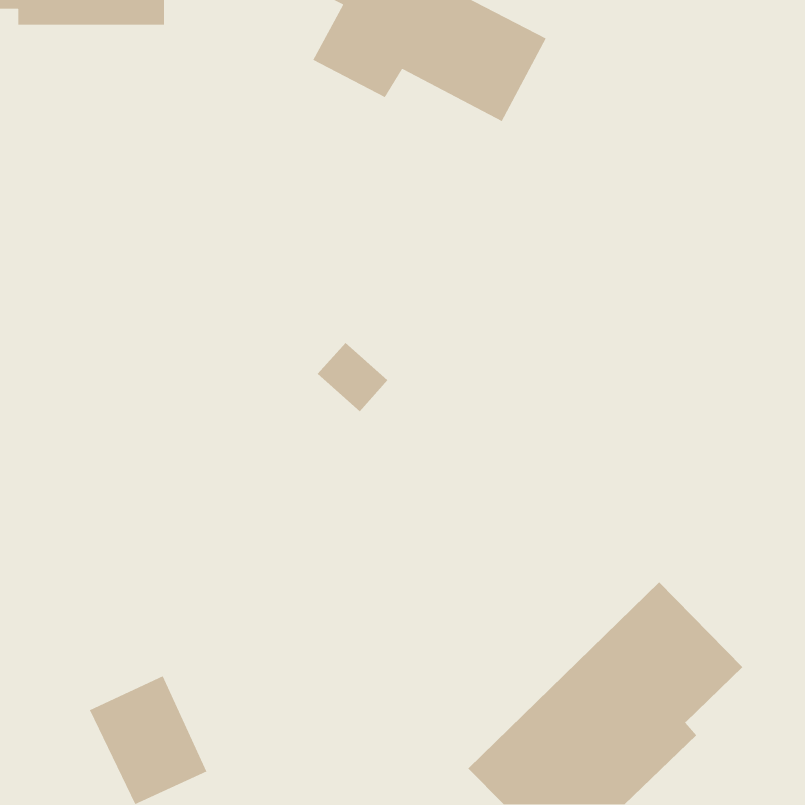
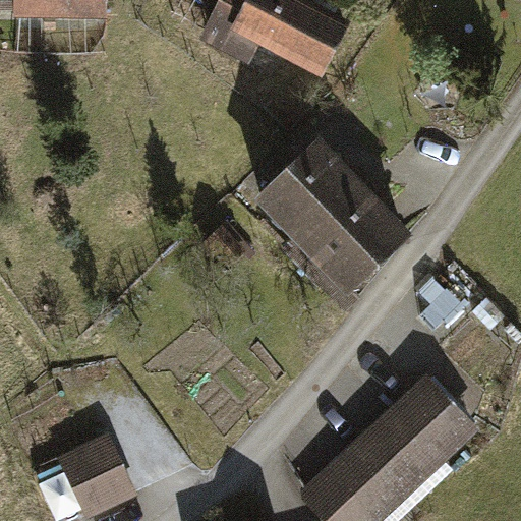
building: none -> [255,140,411,307]

